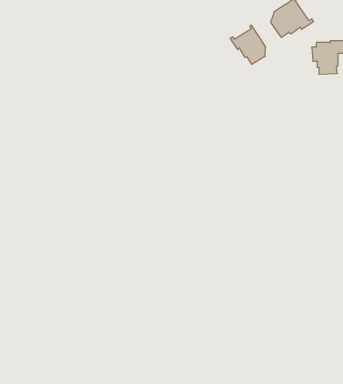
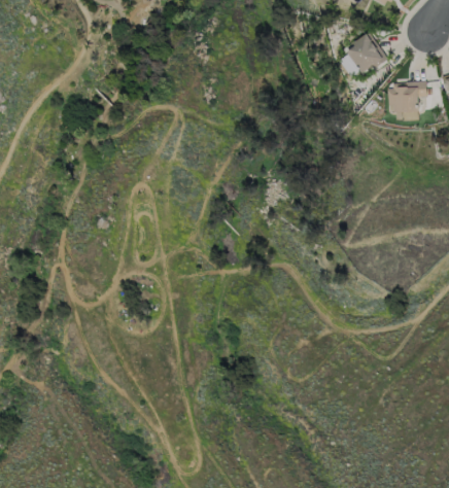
building: [230,25,265,64] -> none

